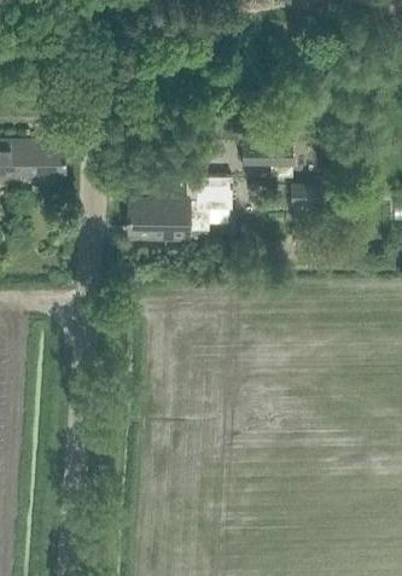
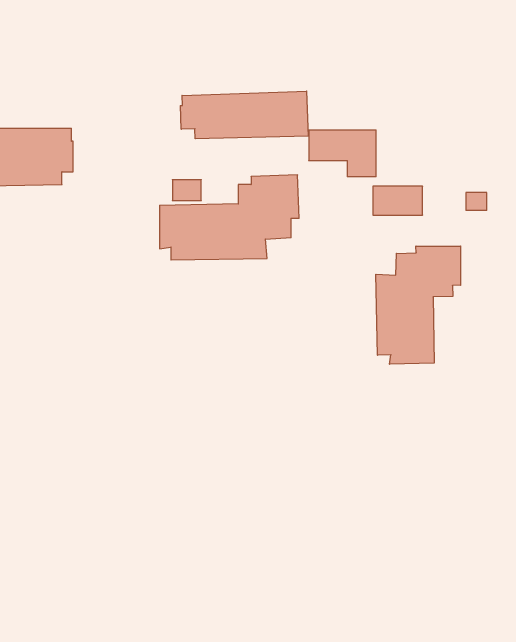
building: none -> [180,91,308,139]
building: none -> [376,246,461,364]

